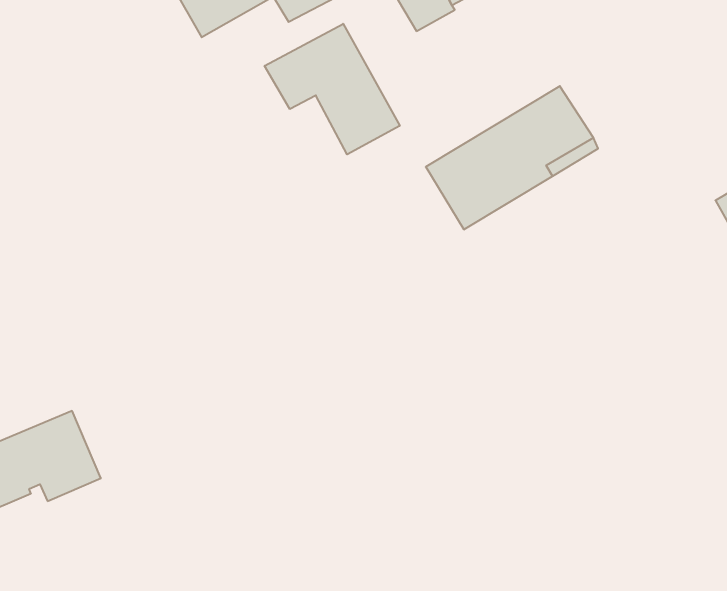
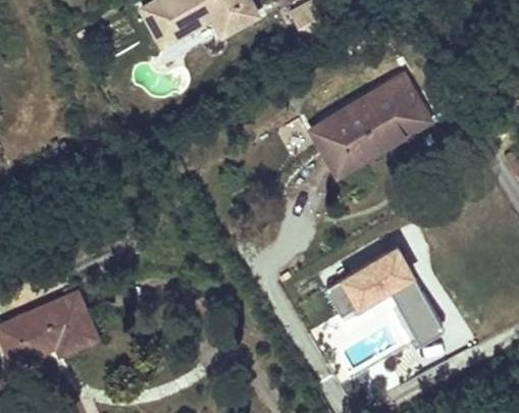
building: [265,24,400,154] -> none
building: none -> [326,248,445,342]

